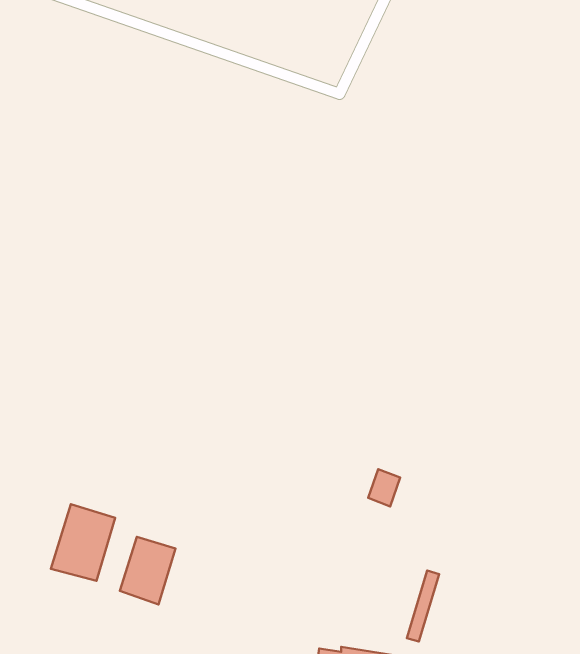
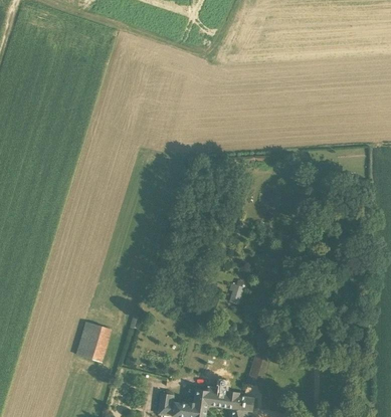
building: [51,504,115,581] -> none

